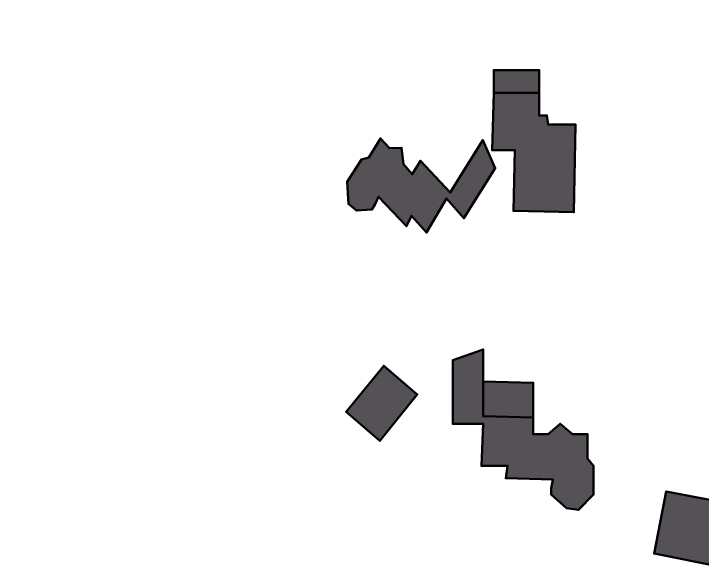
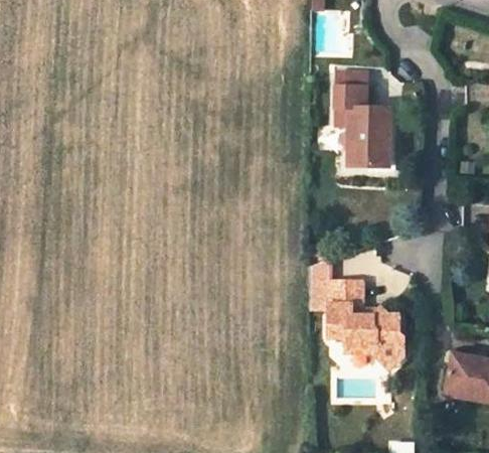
building: [347,138,495,233] -> none
building: [346,366,417,441] -> none

